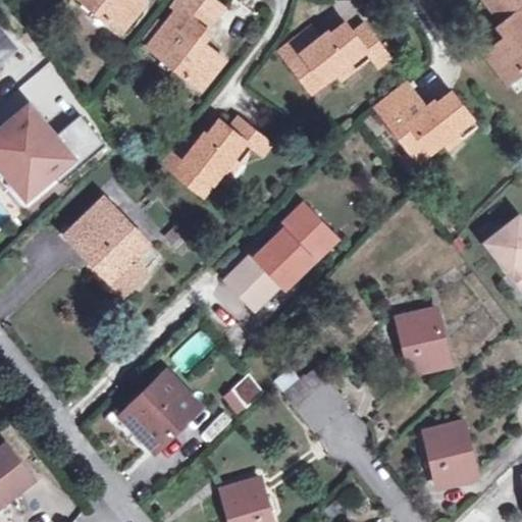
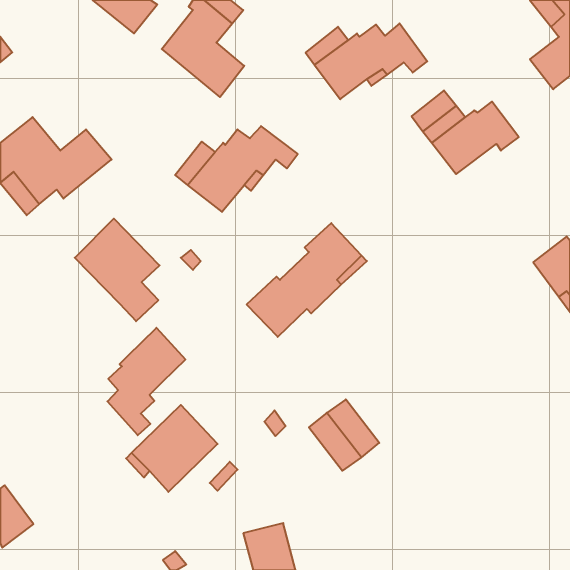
building: none -> [107,328,185,435]
building: [397,309,448,372] -> none
building: [424,422,474,485] -> none

